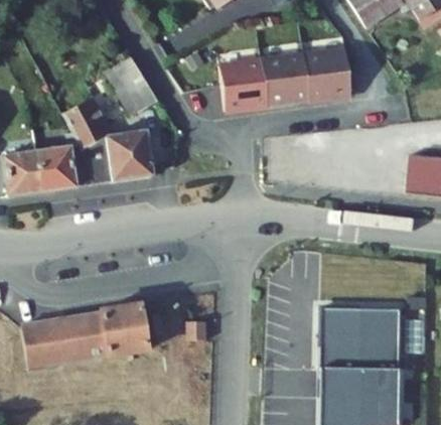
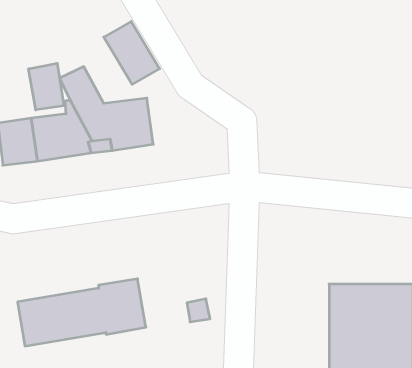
building: [219,44,351,106] -> none
building: none -> [29,63,64,110]

